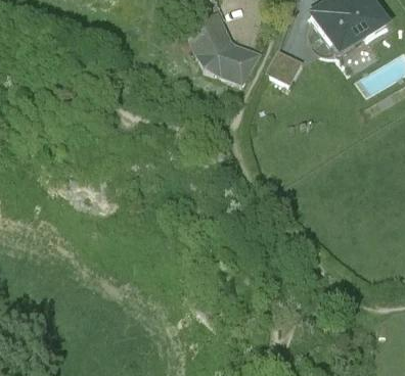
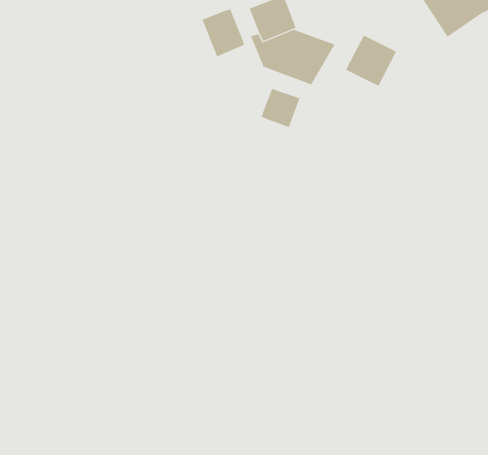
building: none -> [202,9,245,57]
building: none -> [261,88,300,128]

